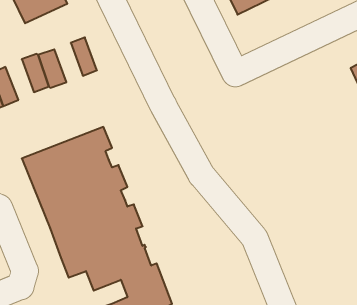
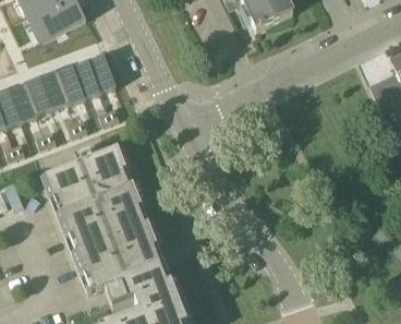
building: none -> [74,59,102,98]
building: none -> [25,75,53,115]

